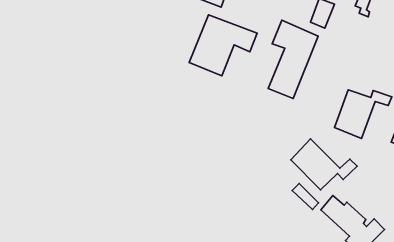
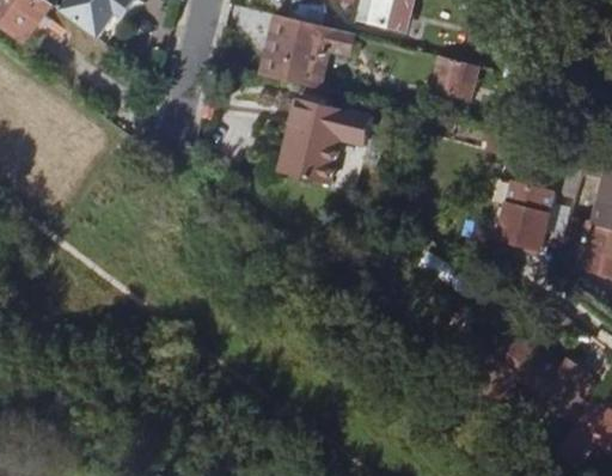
building: [268,20,318,98] -> none
building: [291,139,357,190] -> none

